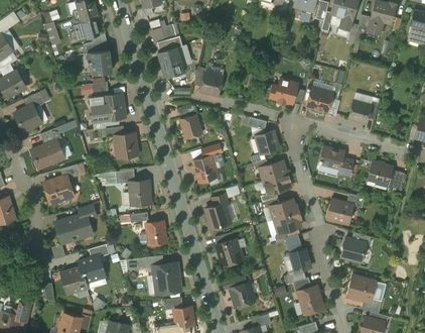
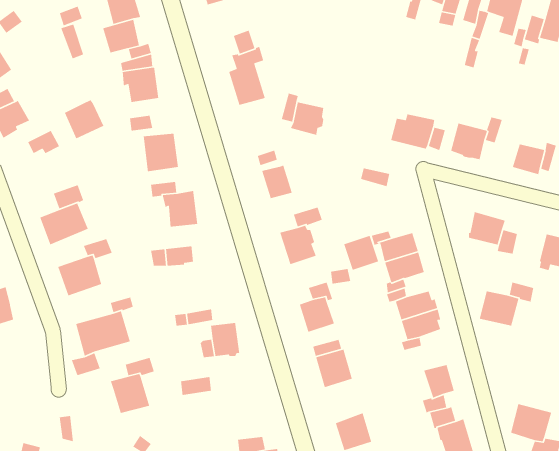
building: [15,105,42,132] -> [64,99,104,140]
building: [255,130,279,154] -> [343,235,379,271]
building: [129,180,151,205] -> none
building: [340,237,366,262] -> none
building: [153,262,181,294] -> none
building: [60,266,88,295] -> none

